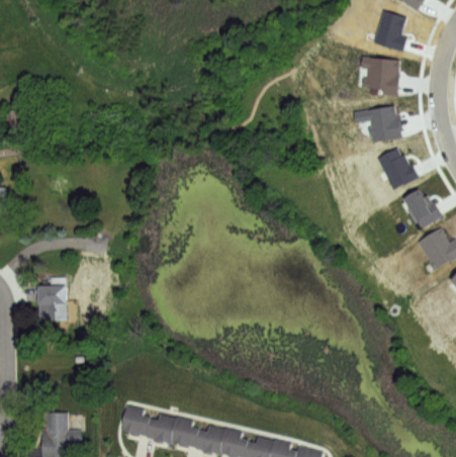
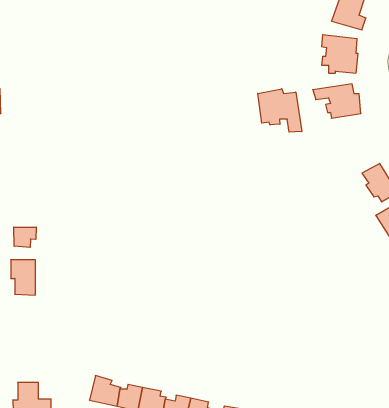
building: none -> [258,89,302,132]
building: [375,149,418,189] -> none
building: none -> [14,227,36,247]

